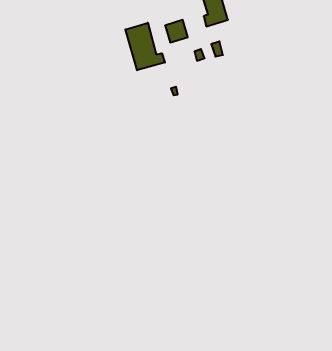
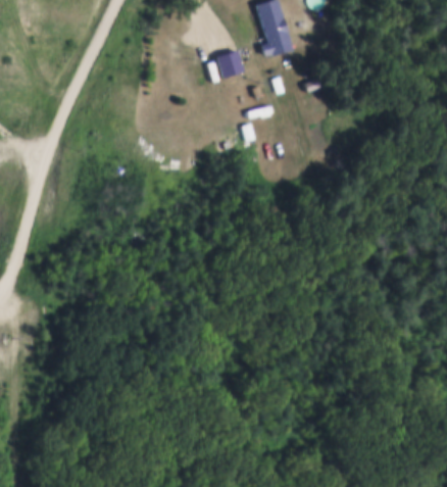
building: [125,23,165,70] -> none

